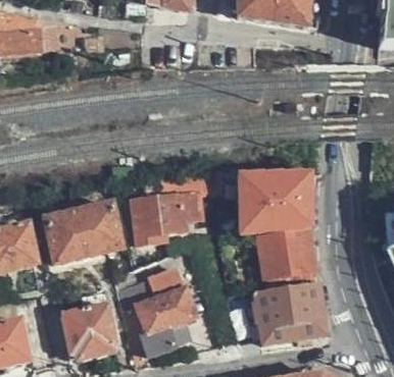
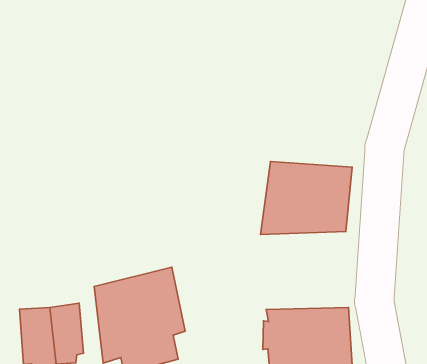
building: [131,193,200,246] -> none
building: [46,204,120,263] -> none
building: [257,227,316,278] -> none

